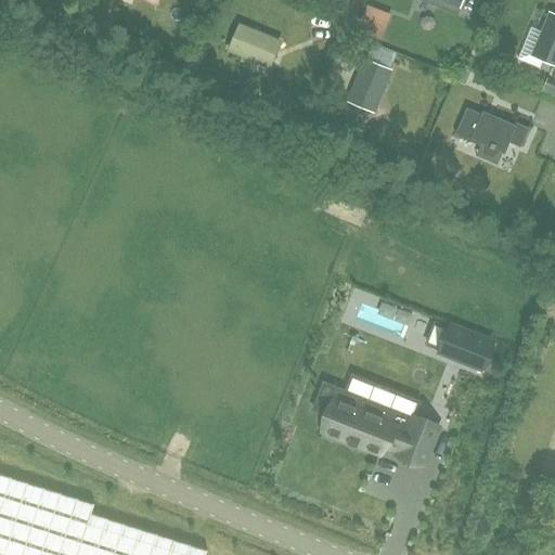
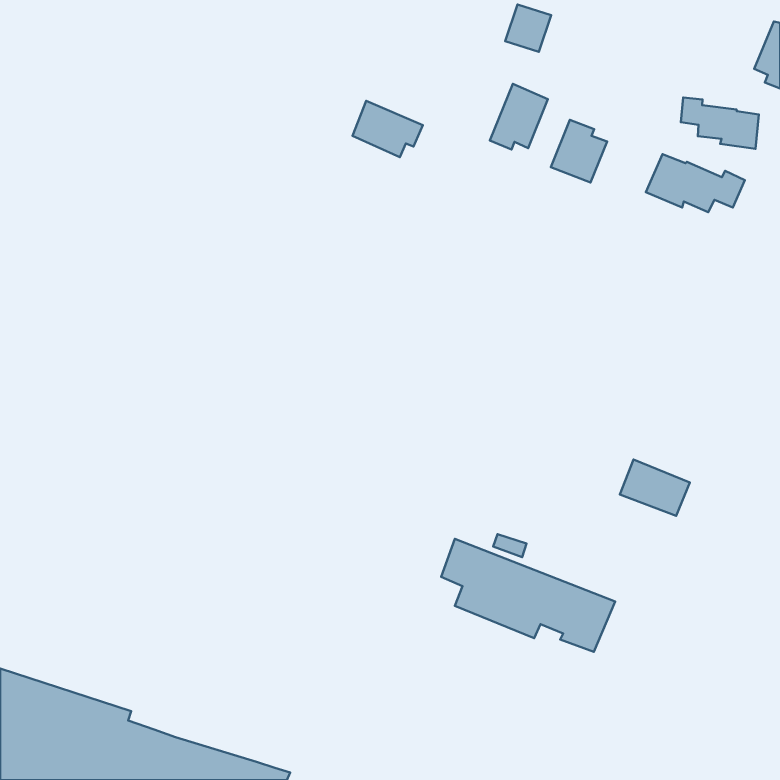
building: [229,25,279,65] -> [353,101,423,157]
building: none -> [681,97,759,149]
building: none -> [551,120,607,183]

